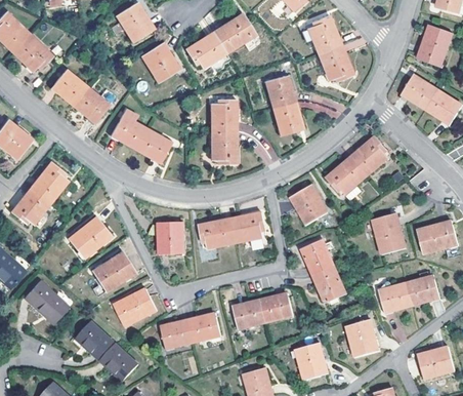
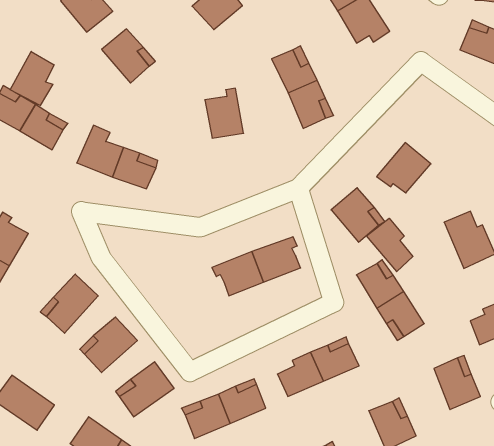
building: [184,33,225,69] -> none
building: none -> [10,51,54,106]
building: [212,131,236,163] -> none
building: [352,134,389,174] -> none
building: none -> [366,218,413,272]
building: [156,222,182,253] -> none

